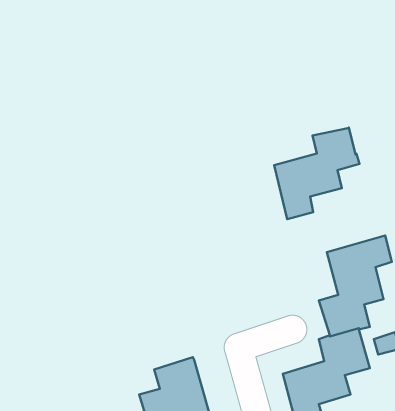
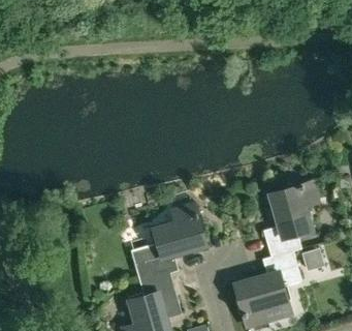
building: [274,127,359,219] -> none
building: none -> [130,203,205,281]

